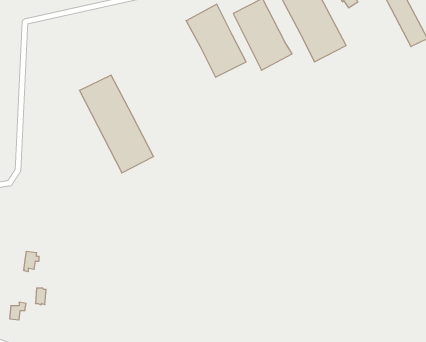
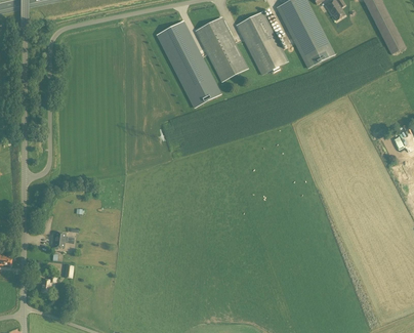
building: [79,75,154,173] -> [156,22,220,107]

